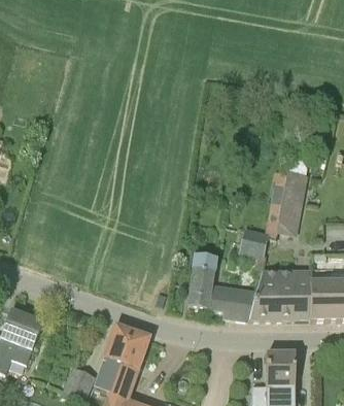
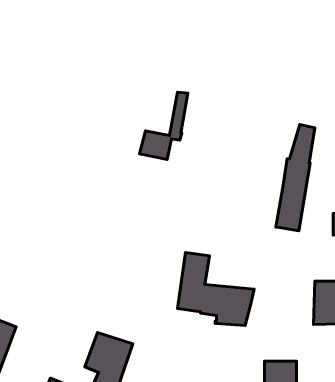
building: [239,195,282,256] -> [140,92,188,160]
building: [248,271,311,320] -> none

